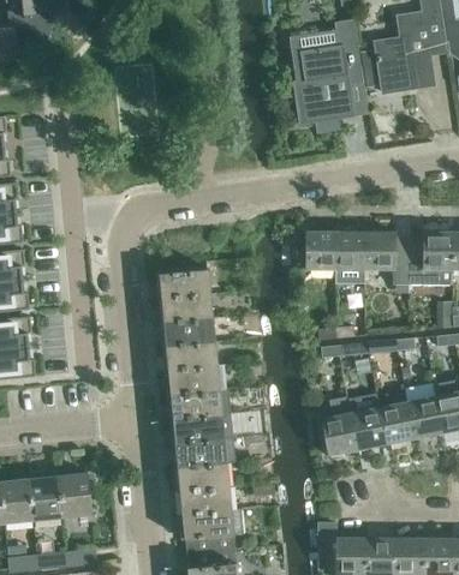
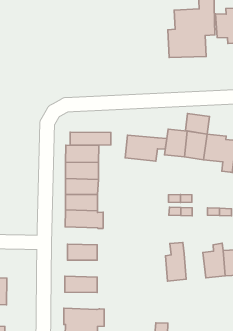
building: none -> [185,114,209,134]
building: none -> [70,132,111,145]
building: none -> [125,135,167,161]
building: [173,388,220,417] -> none
building: [351,408,387,450] -> none
building: [174,436,225,465] -> none
building: [179,484,229,513] -> none

